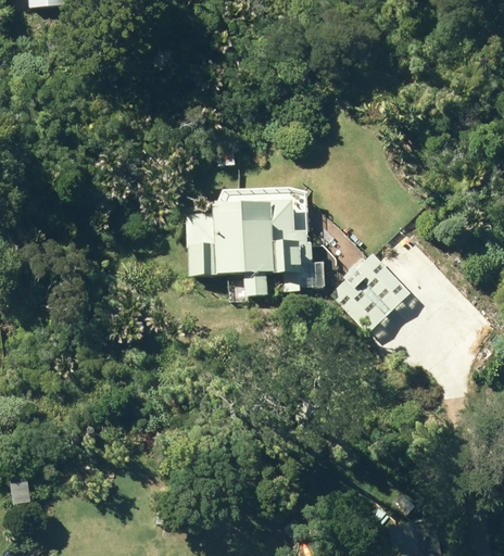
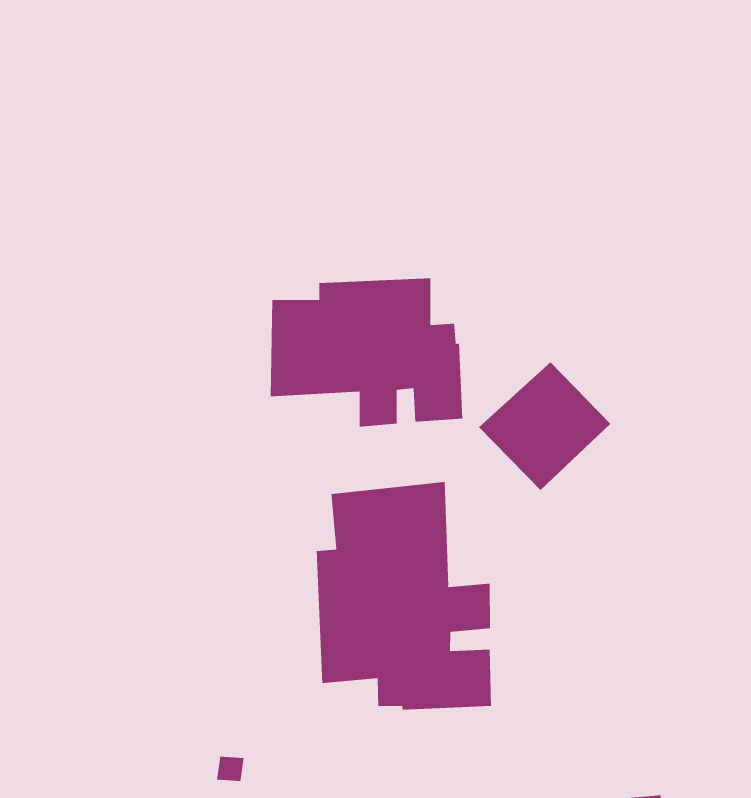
building: none -> [316,481,491,711]

